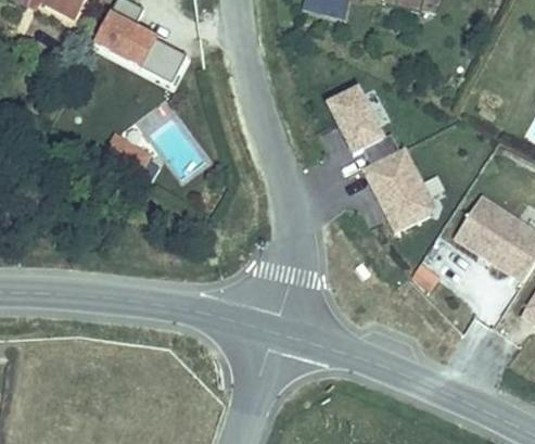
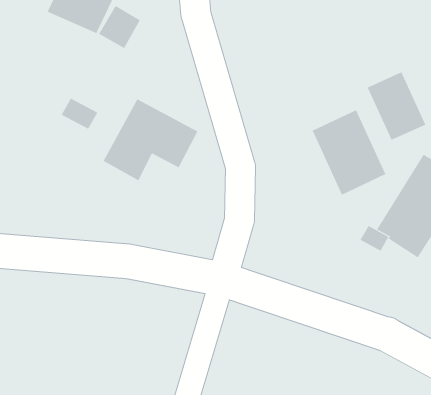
building: [326,85,386,155] -> [367,72,426,141]
building: none -> [103,98,198,181]

